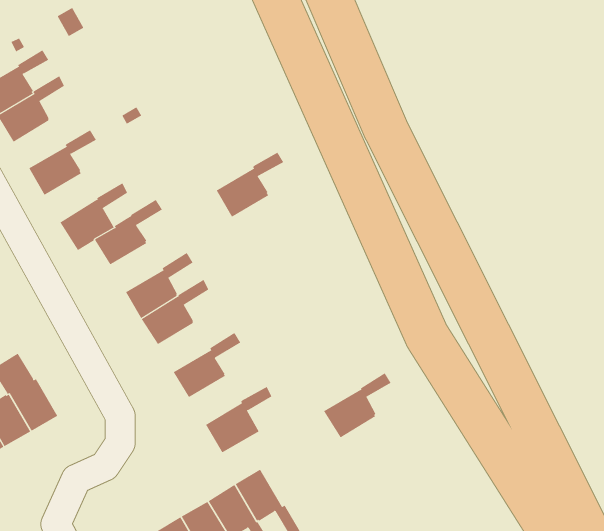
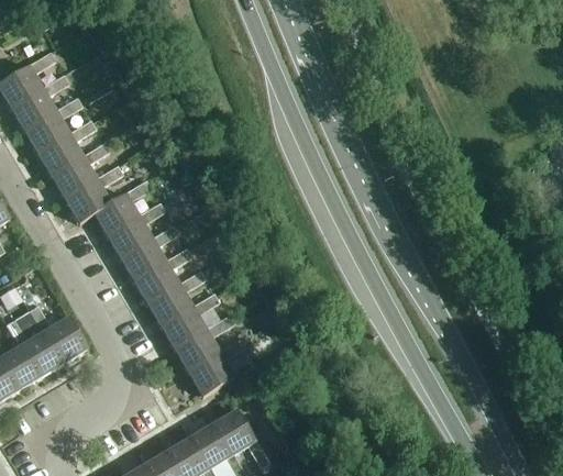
building: none -> [24,97,82,153]
building: [216,152,284,217] -> [107,202,165,258]
building: none -> [51,142,109,199]
building: none -> [147,270,206,326]
building: none -> [29,306,87,364]
building: [323,372,392,438] -> [174,316,232,372]

